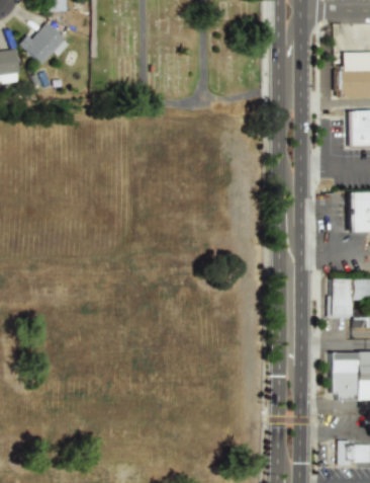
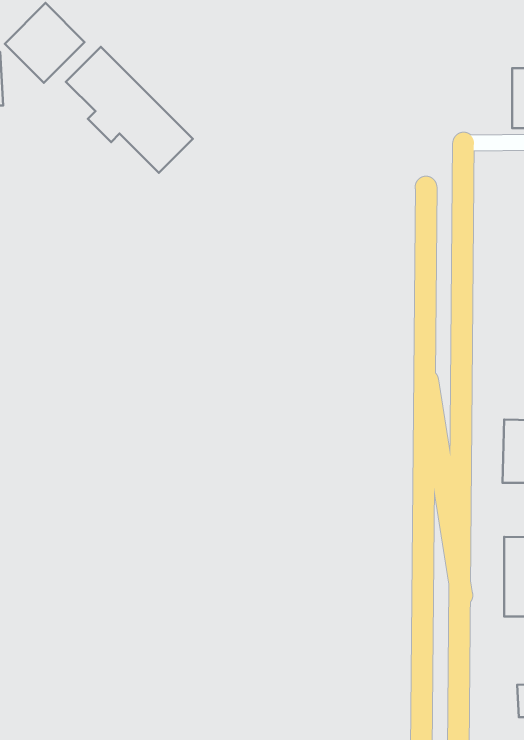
building: none -> [66,47,193,173]

